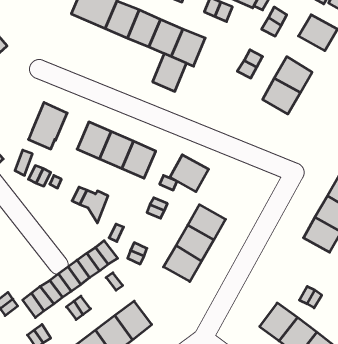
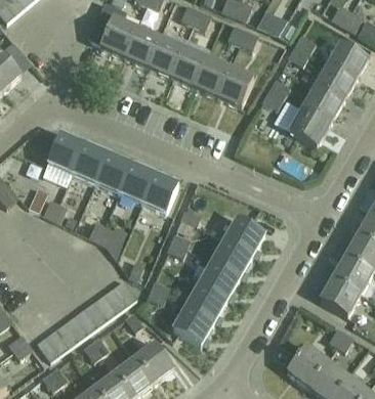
building: none -> [316,63,356,101]
building: [153,54,187,91] -> [217,65,253,105]
building: none -> [72,144,107,182]
building: [170,155,209,192] -> [223,217,264,256]
building: none -> [320,275,361,314]
building: none -> [172,306,213,344]

